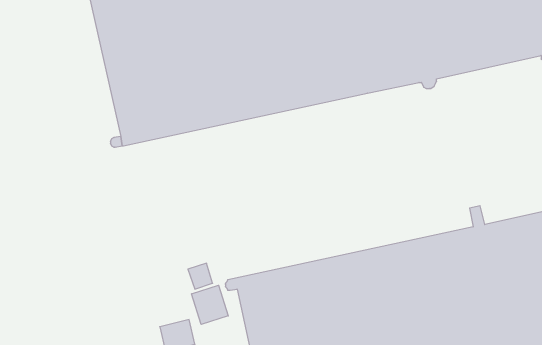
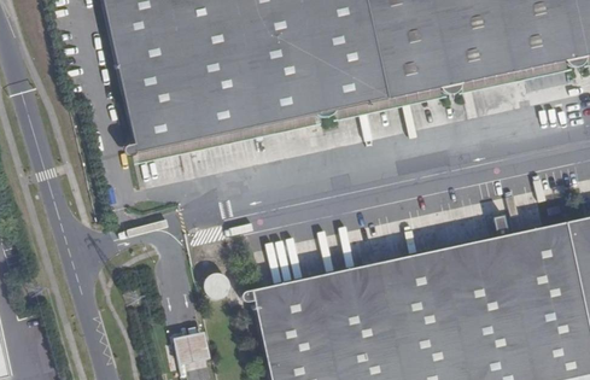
building: [192,285,228,324] -> none

